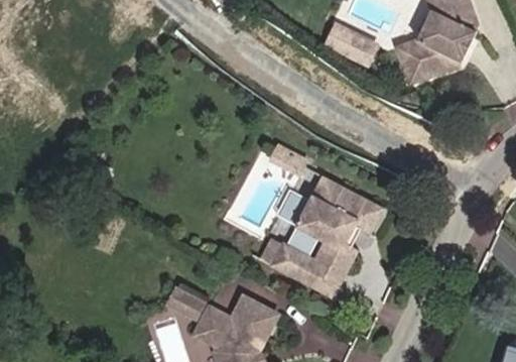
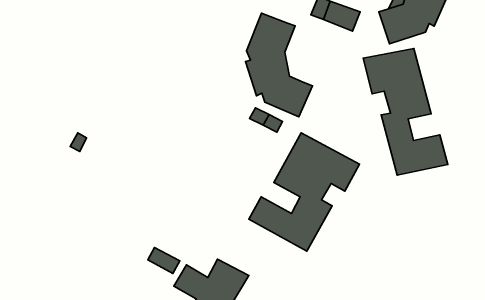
building: none -> [245,13,313,117]
building: none -> [363,48,448,175]

